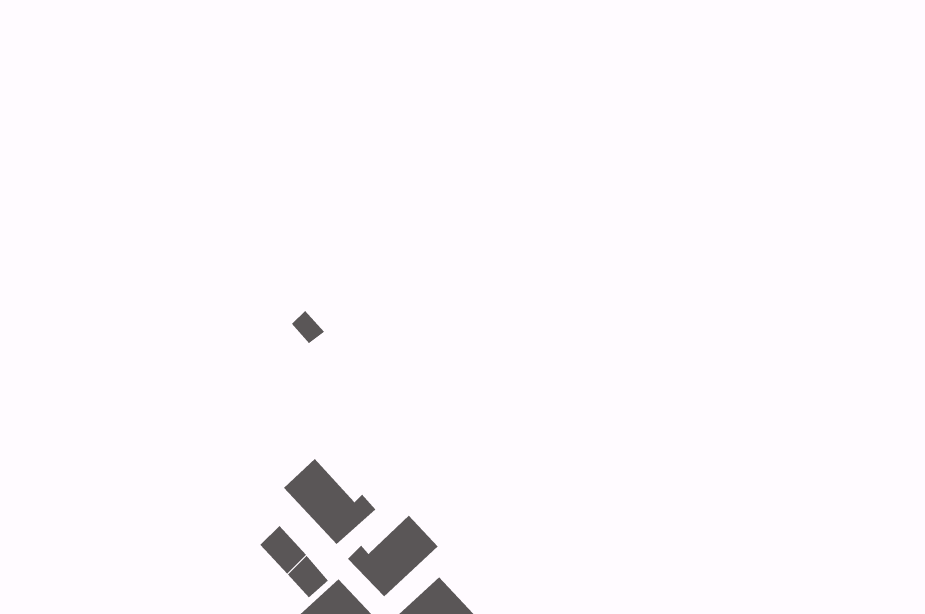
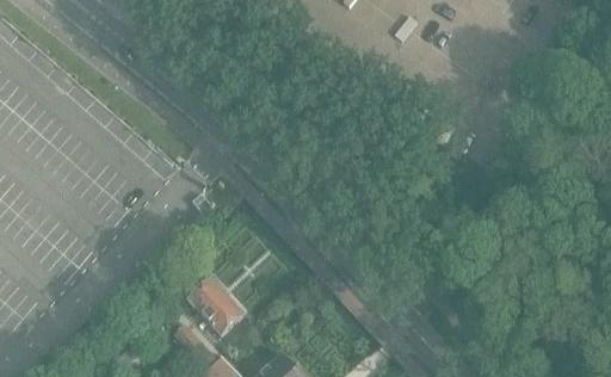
building: [347,515,438,597] -> none

